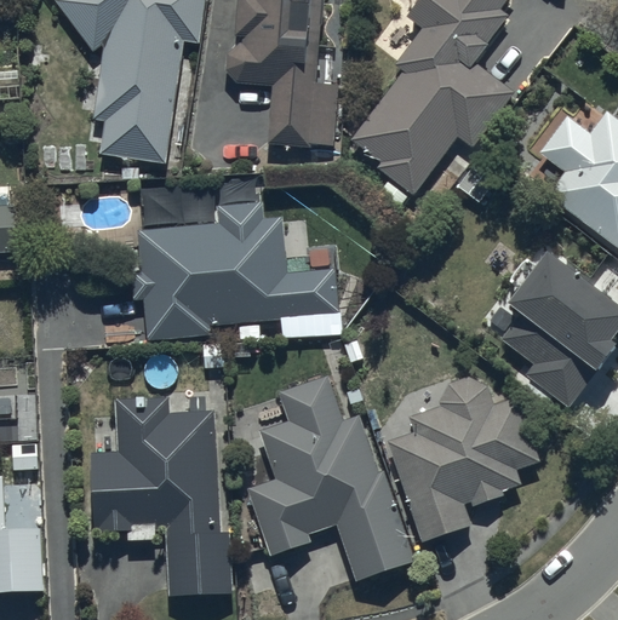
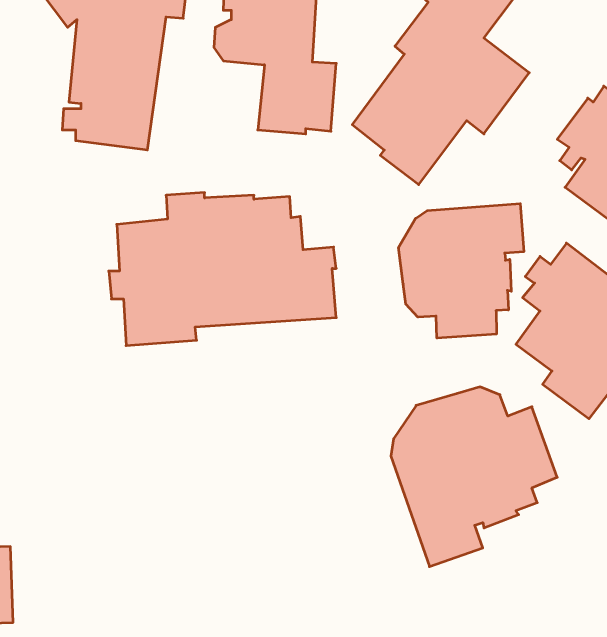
building: none -> [399,204,524,338]
building: [248,377,414,579] -> none
building: [90,392,231,596] -> none

